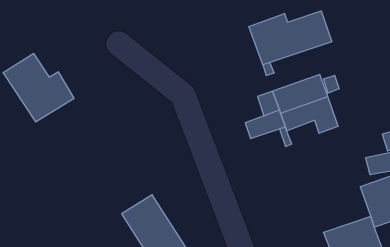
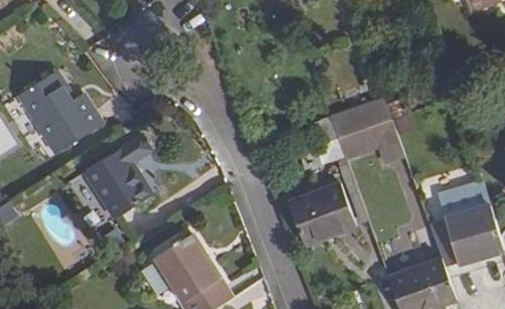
building: [249,11,332,65] -> none
building: none -> [83,135,152,218]
building: none -> [287,181,355,247]

